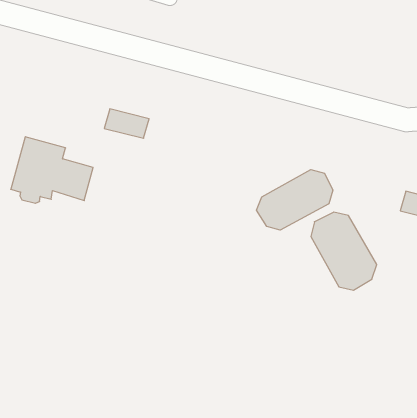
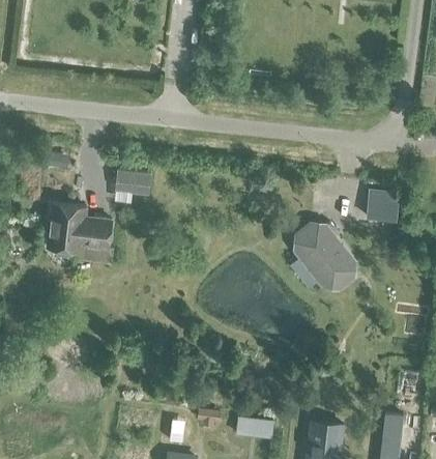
building: [257,170,333,230] -> none

